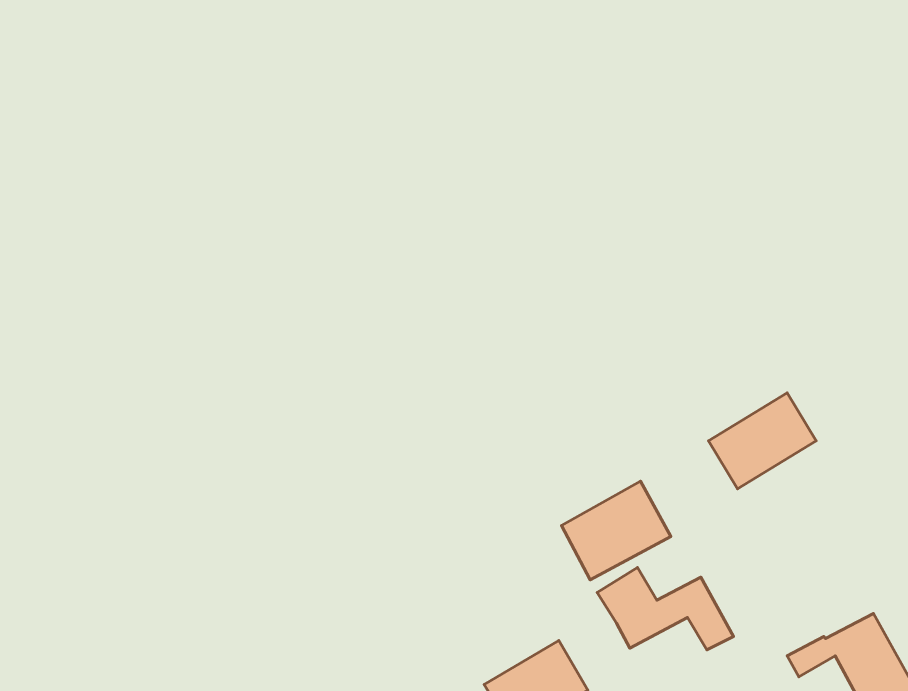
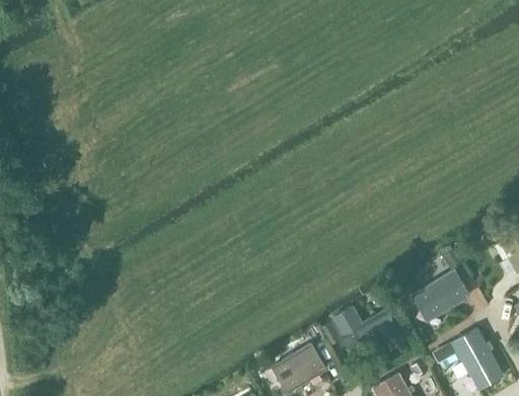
building: [709,393,816,489] -> [412,271,468,322]
building: [561,481,671,580] -> none

